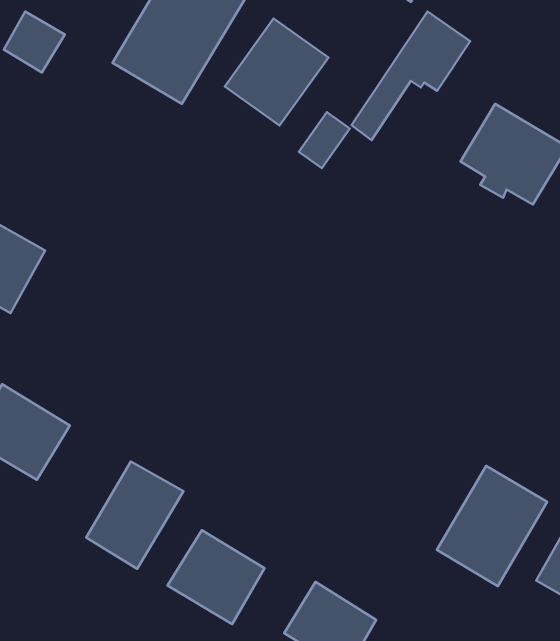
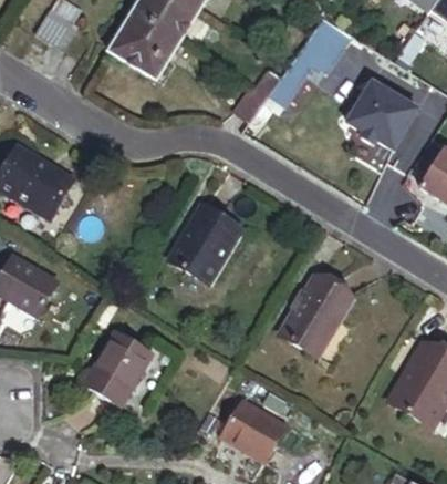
building: [225,19,328,125] -> none
building: none -> [174,205,242,278]
building: [437,466,547,586] -> [283,272,357,353]
building: [167,530,265,624] -> none

